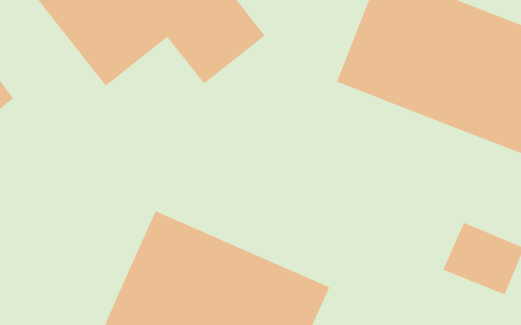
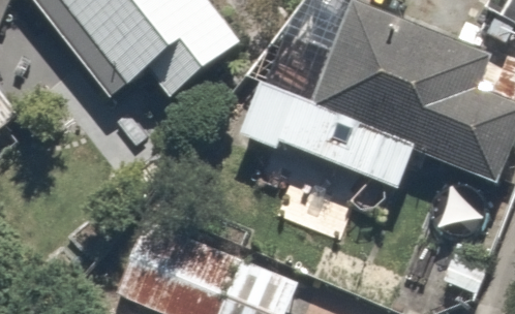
building: none -> [237,77,420,192]

